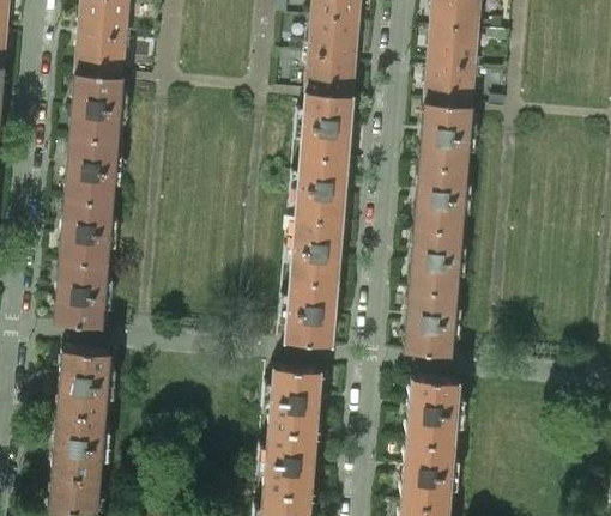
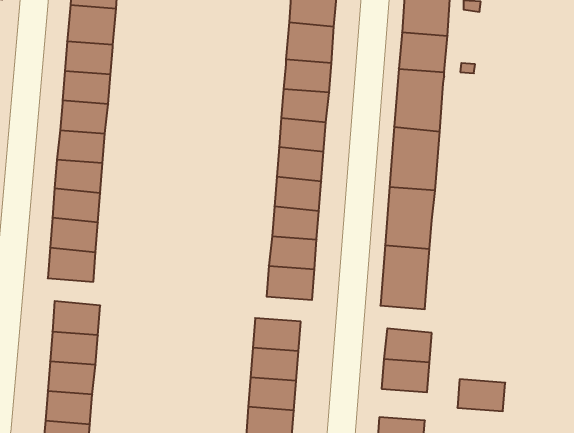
building: [404,442,454,475] -> [457,379,505,411]

